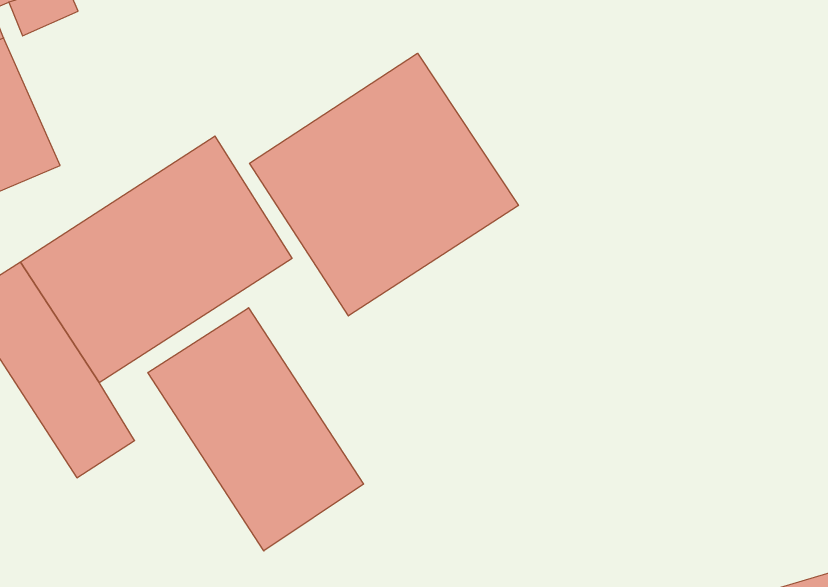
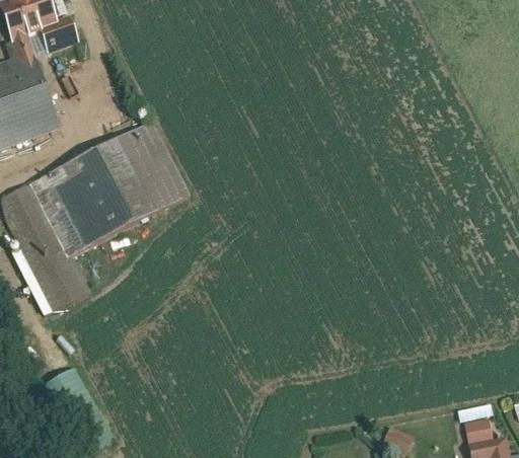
building: [250,53,518,316] -> none
building: [148,308,364,551] -> none

